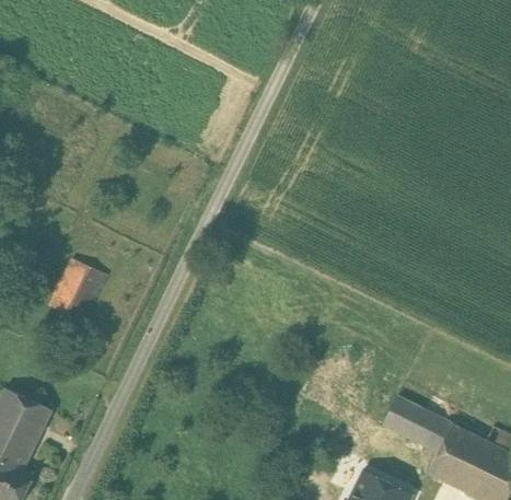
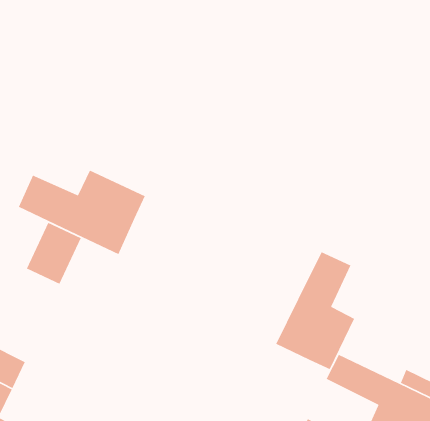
building: none -> [18,170,146,255]
building: none -> [275,251,355,370]

